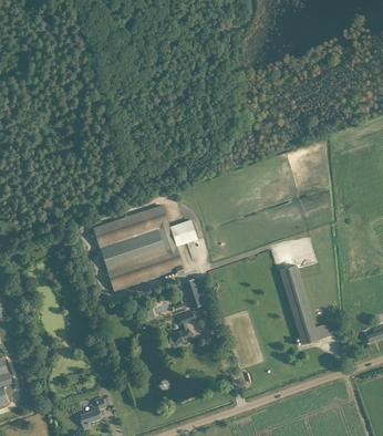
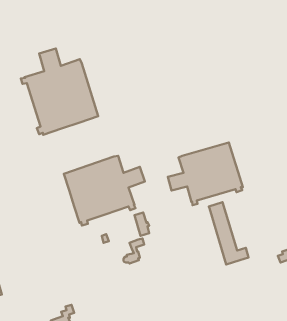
building: none -> [21,48,98,135]
building: none -> [168,143,243,205]

